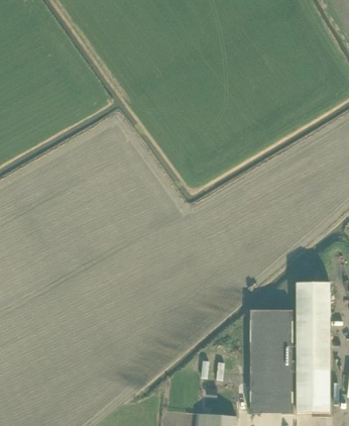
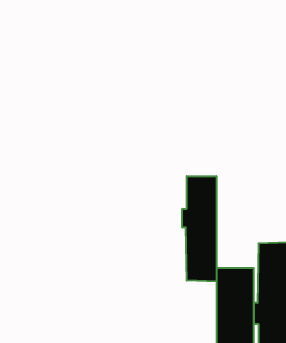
building: none -> [182,176,216,281]

